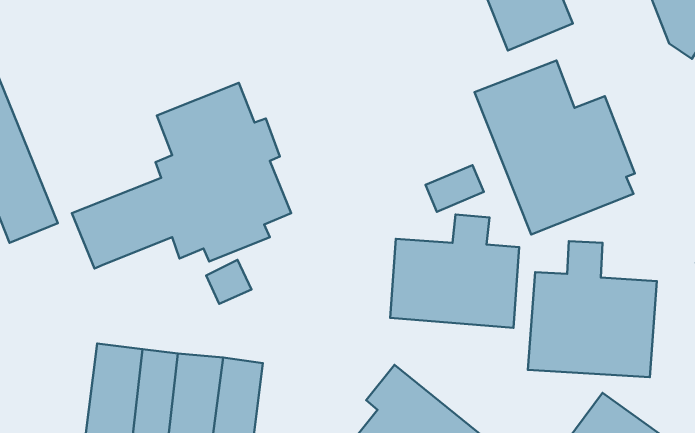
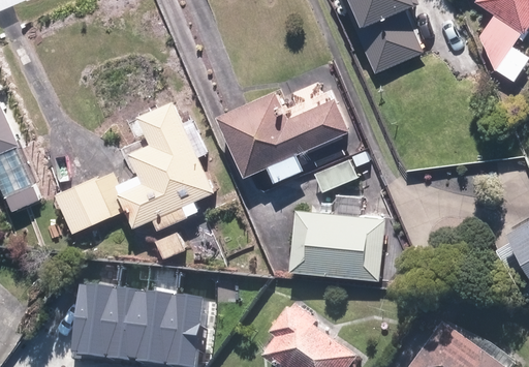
building: [474,60,635,235] -> none
building: none -> [220,89,351,189]
building: [528,241,657,377] -> none

